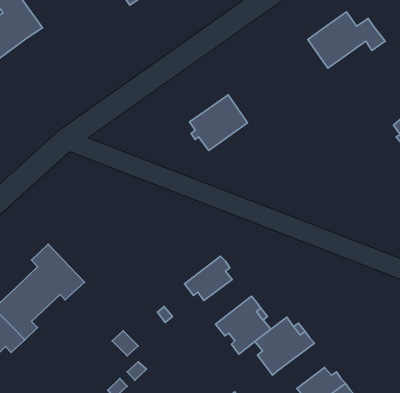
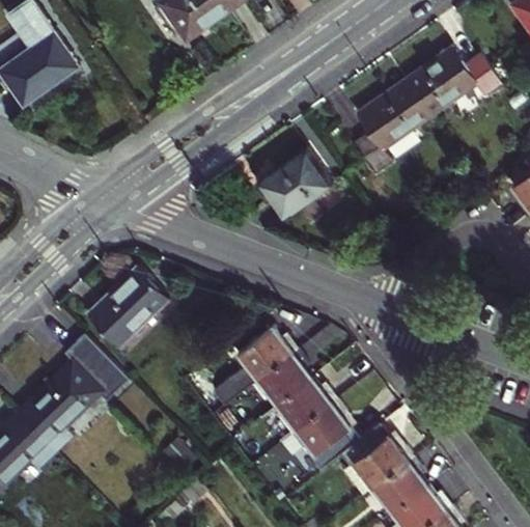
building: none -> [355,81,429,171]
building: none -> [87,268,167,348]
building: none -> [212,327,297,406]
building: none -> [276,378,335,433]
building: none -> [367,456,425,512]

